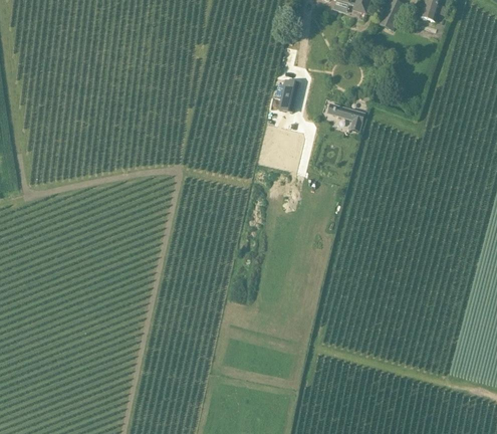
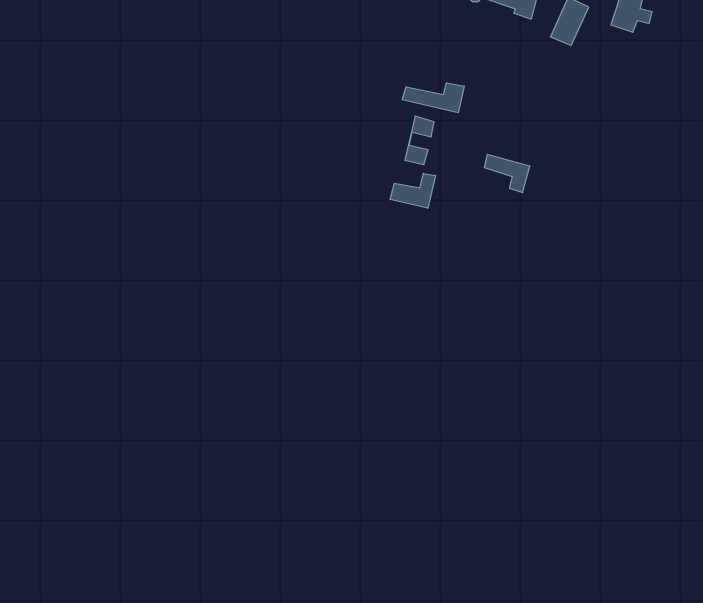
building: none -> [402,83,464,113]
building: none -> [390,173,435,208]

